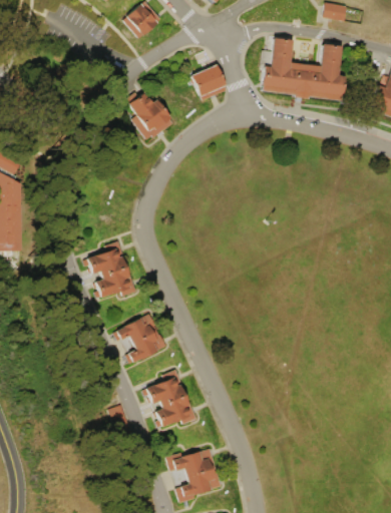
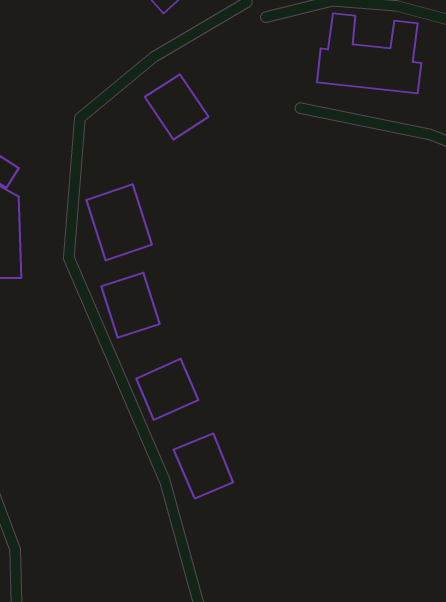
building: [192,64,229,99] -> none
building: none -> [86,184,152,261]
building: [169,448,222,500] -> none

